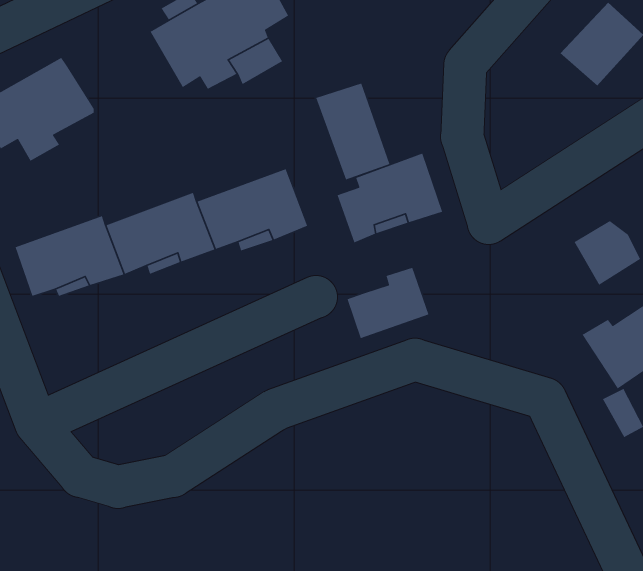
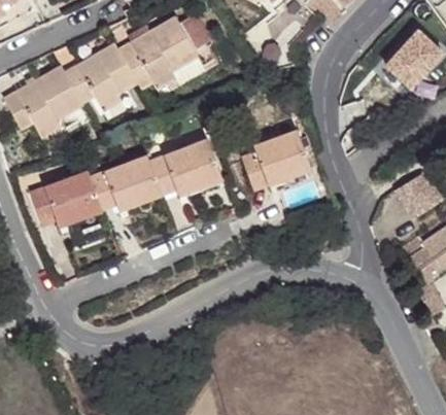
building: none -> [65,44,137,109]
building: [315,83,391,180] -> none
building: [347,267,429,339] -> none

